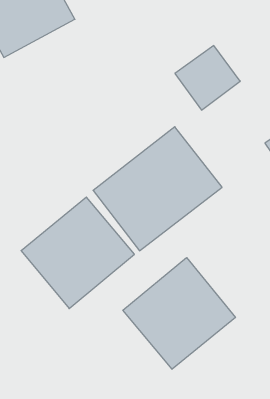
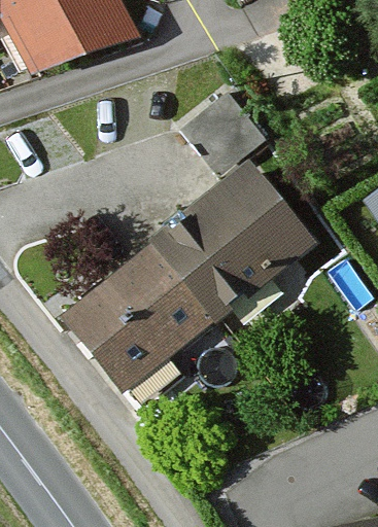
building: [175,46,240,110] -> [177,100,259,180]
building: [123,258,235,369] -> none

